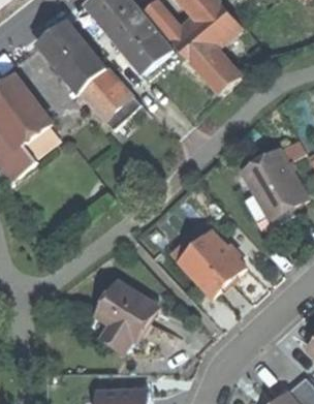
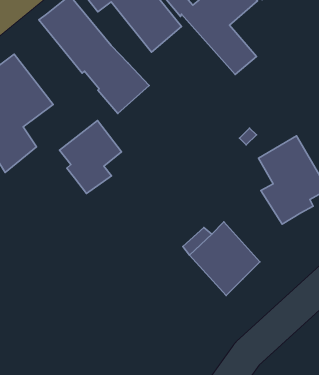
building: none -> [60,121,121,194]
building: [82,279,156,350] -> none

